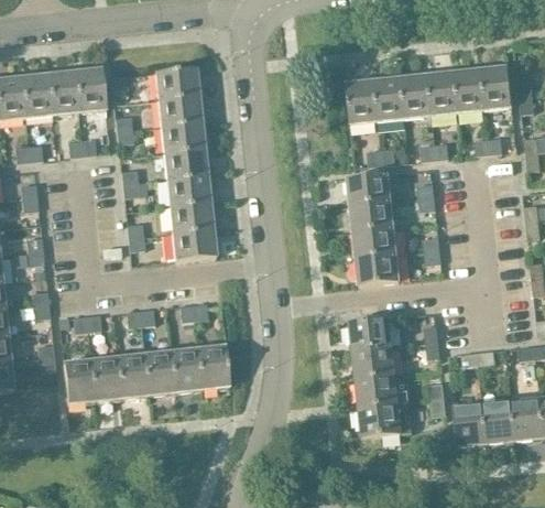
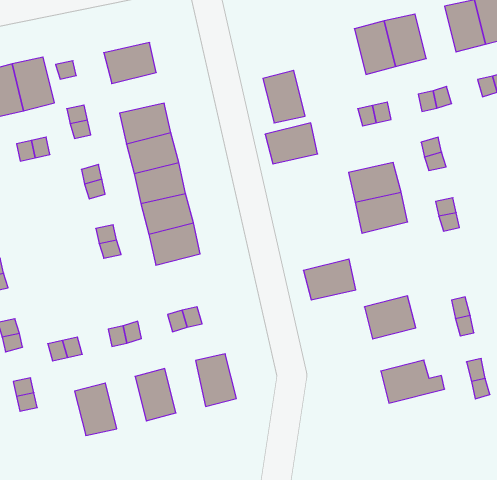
building: [427,72,458,115] -> none
building: [346,80,378,123] -> [263,70,305,123]
building: [157,95,200,126] -> none
building: [348,173,391,204] -> [265,123,318,164]
building: [356,253,399,284] -> [303,259,356,300]
building: [352,346,394,379] -> none
building: [170,348,200,391] -> none
building: [117,355,148,398] -> none
building: [63,360,94,403] -> none
building: [359,402,412,436] -> none

